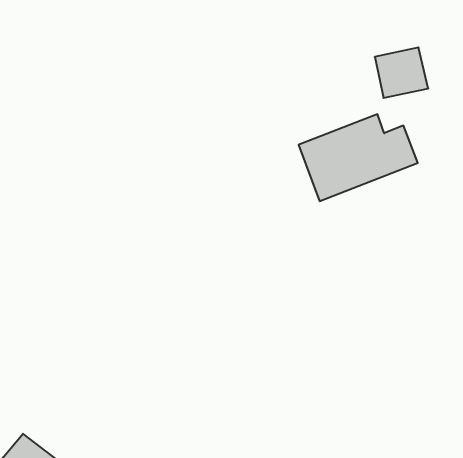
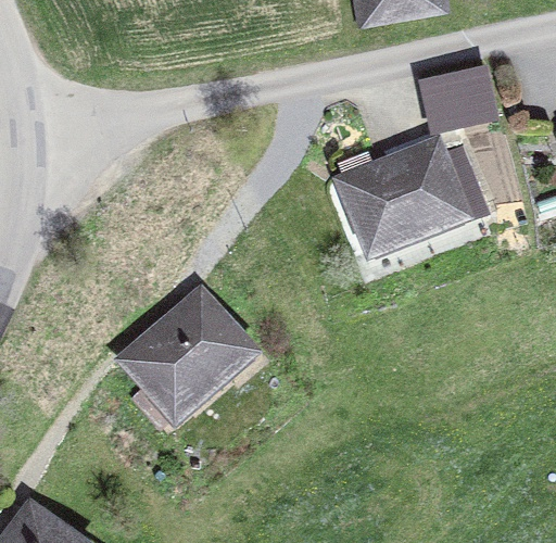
building: none -> [127,299,245,414]

